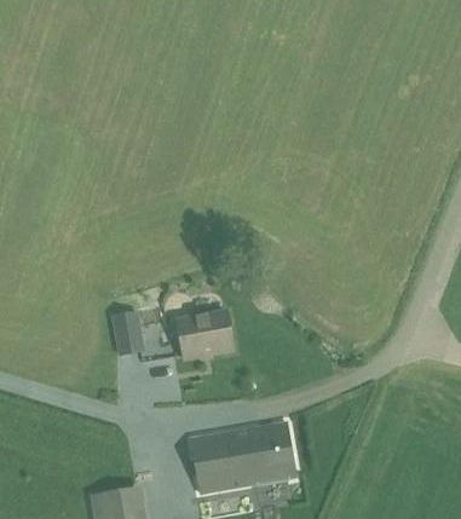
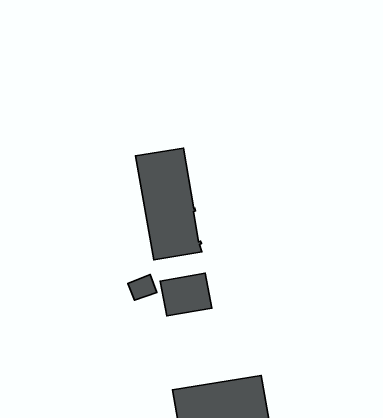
building: none -> [136,148,202,260]
building: [113,311,143,353] -> none

